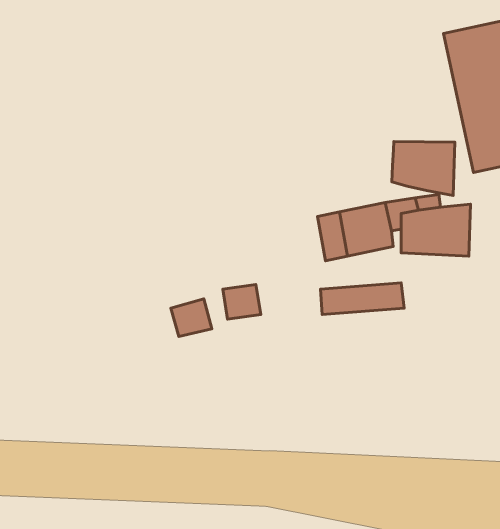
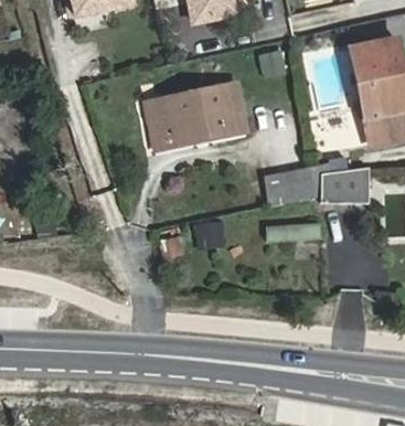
building: none -> [157,82,245,147]
building: [392,142,455,196] -> none

